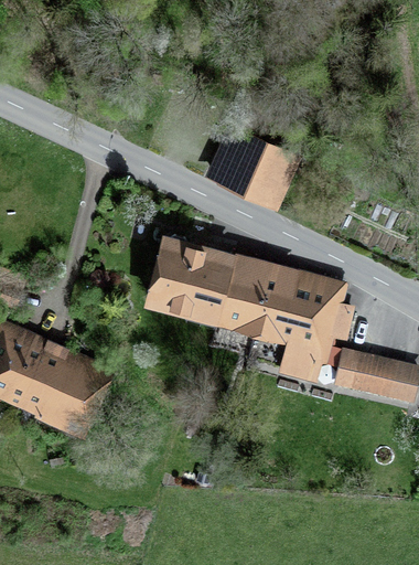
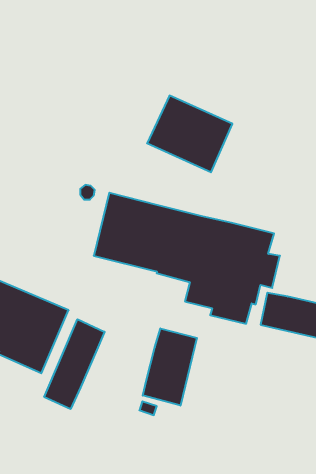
building: none -> [44,319,105,409]
building: none -> [143,328,197,406]

